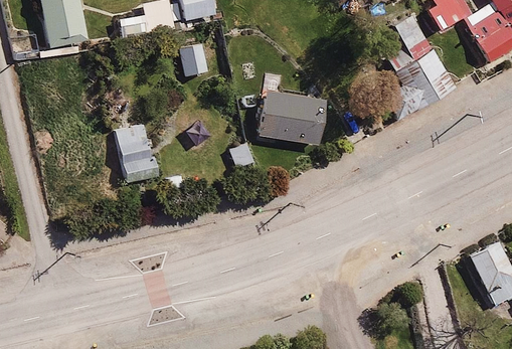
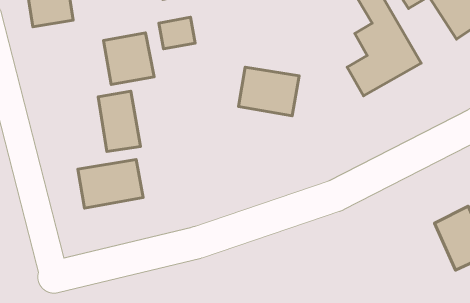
building: none -> [104,33,154,85]
building: none -> [78,159,143,208]

